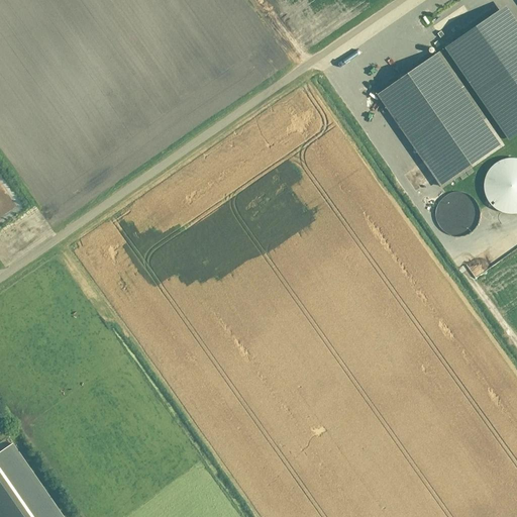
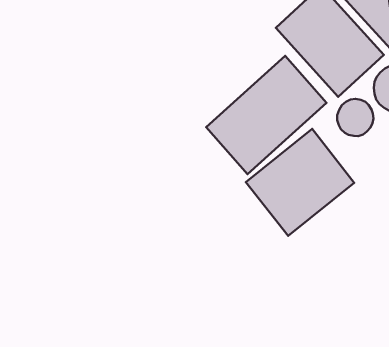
building: none -> [206,56,327,174]
building: none -> [246,129,354,236]

